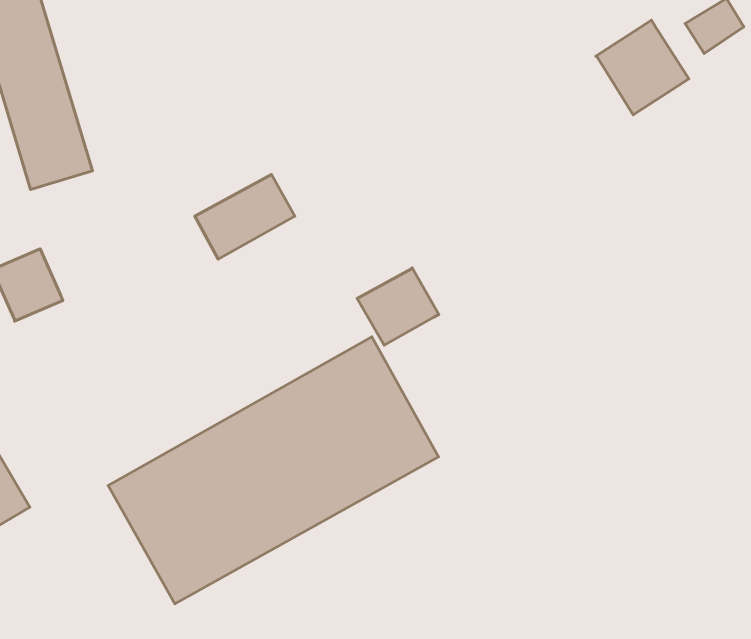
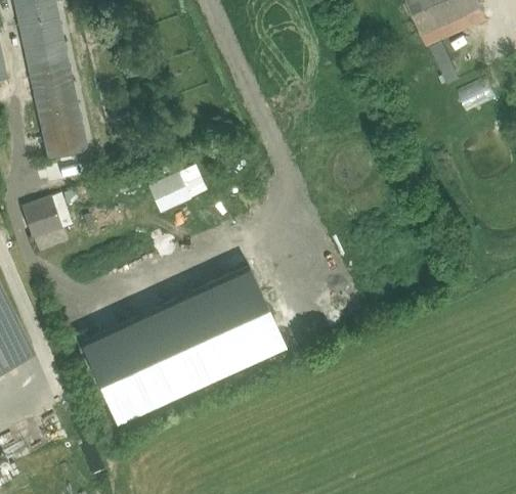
building: [596,20,689,115] -> none
building: [357,268,439,345] -> none

